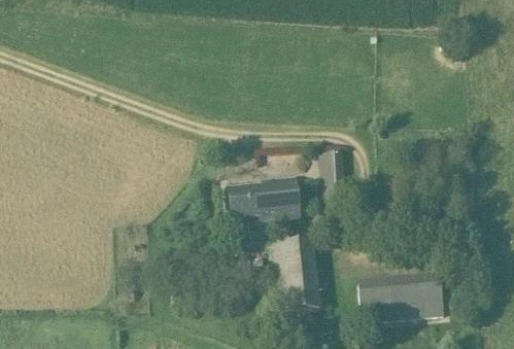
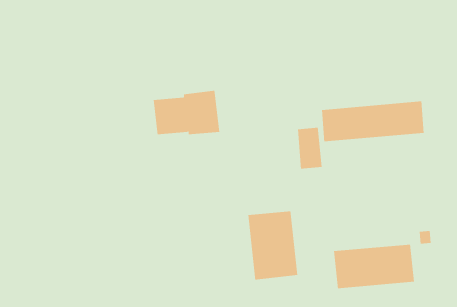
building: none -> [322,101,424,142]
building: [229,175,300,222] -> [153,90,220,135]

